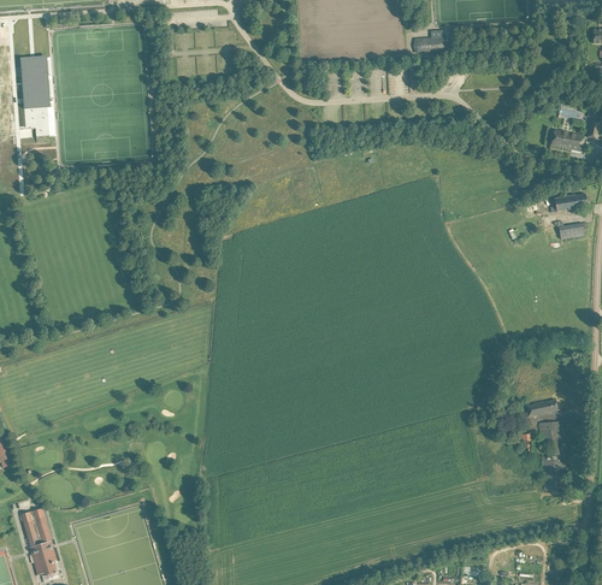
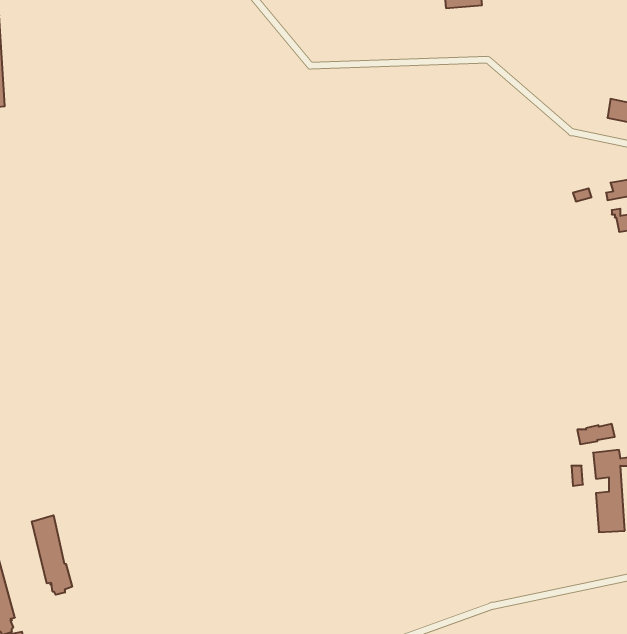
building: none -> [32,515,72,595]

